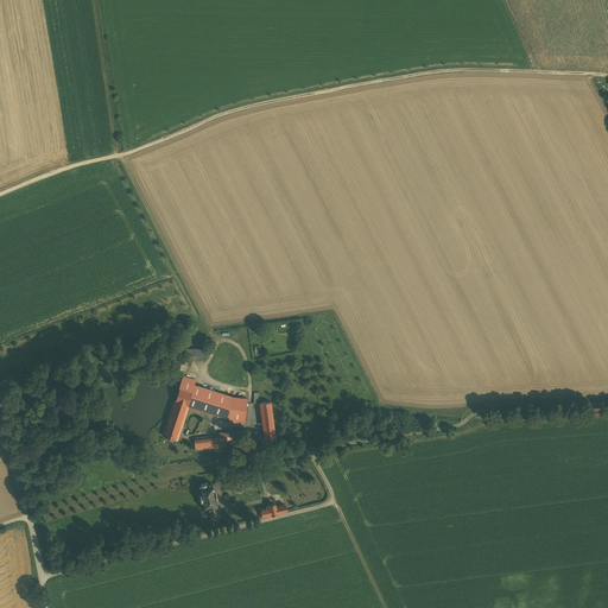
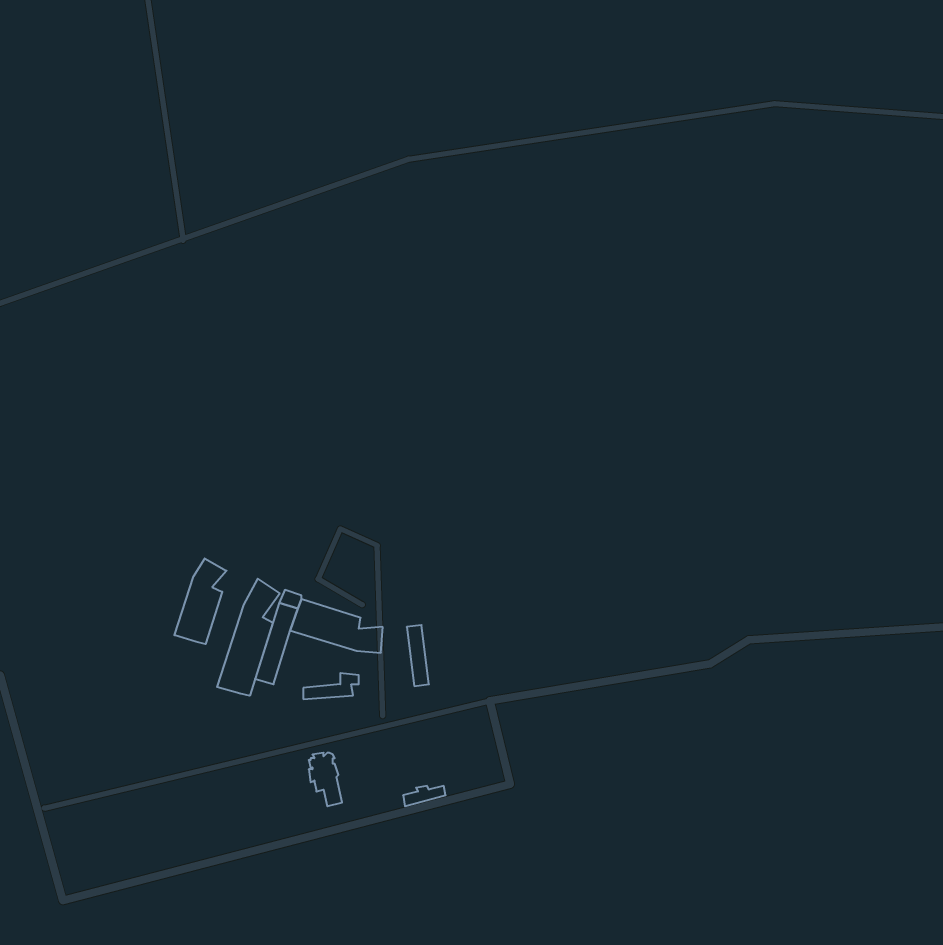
building: none -> [174,558,227,644]
building: none -> [217,579,280,696]

